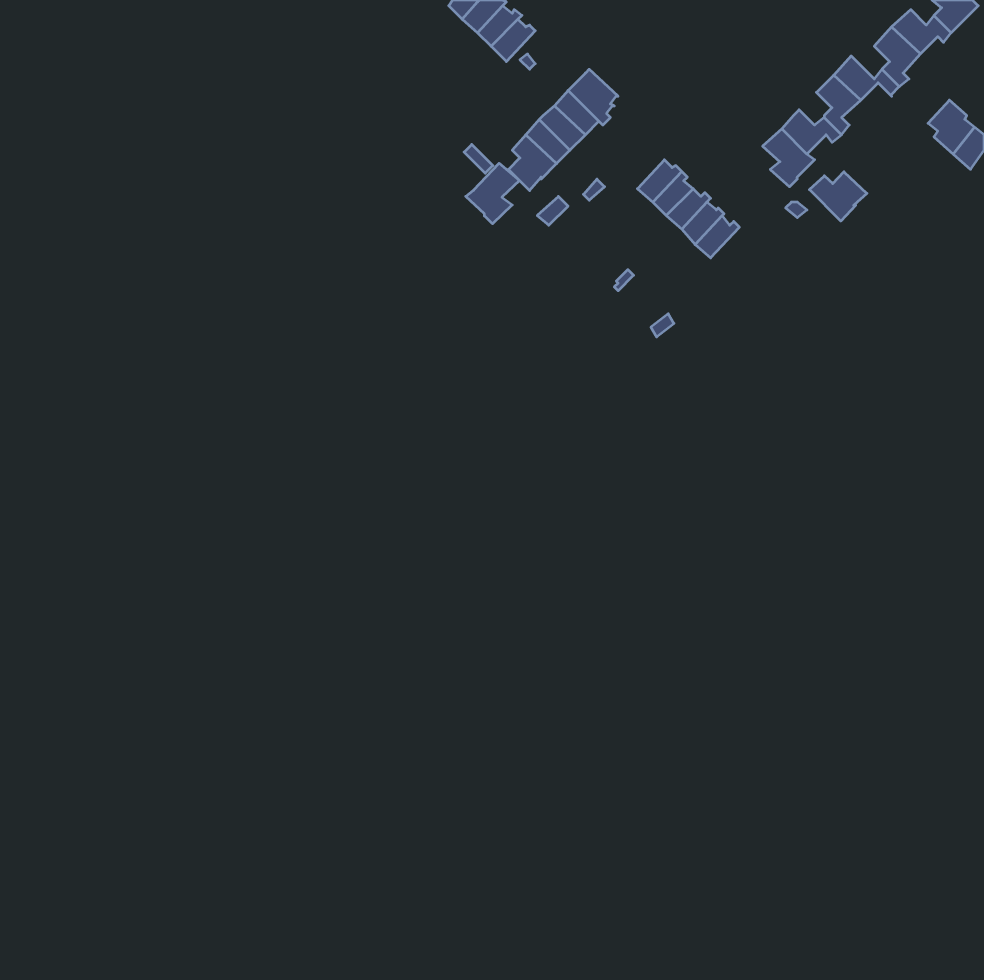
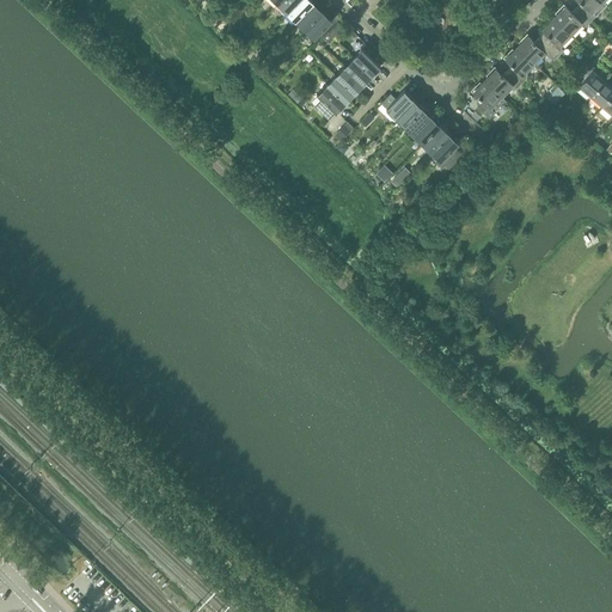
building: none -> [377,91,414,123]
building: [466,163,520,224] -> none
building: [809,172,867,221] -> none

